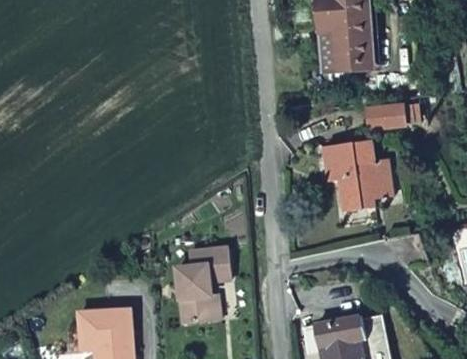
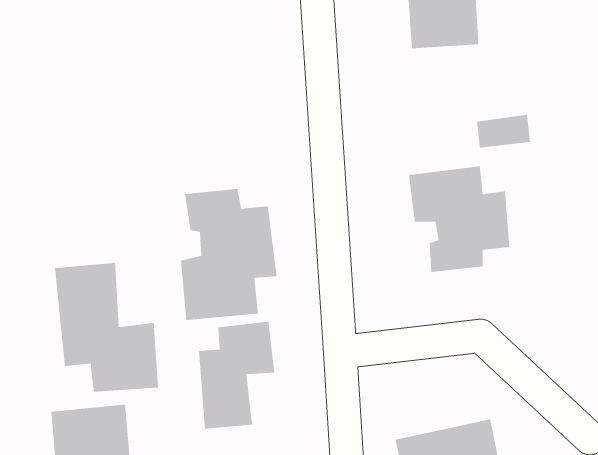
building: none -> [180,188,277,321]
building: none -> [54,262,158,392]

